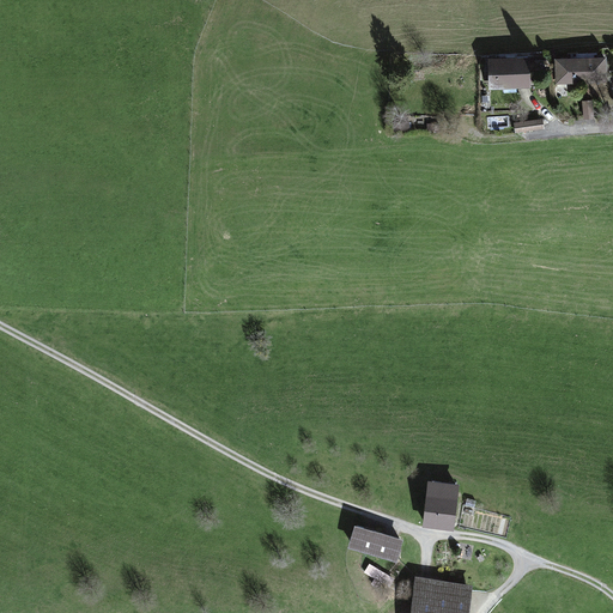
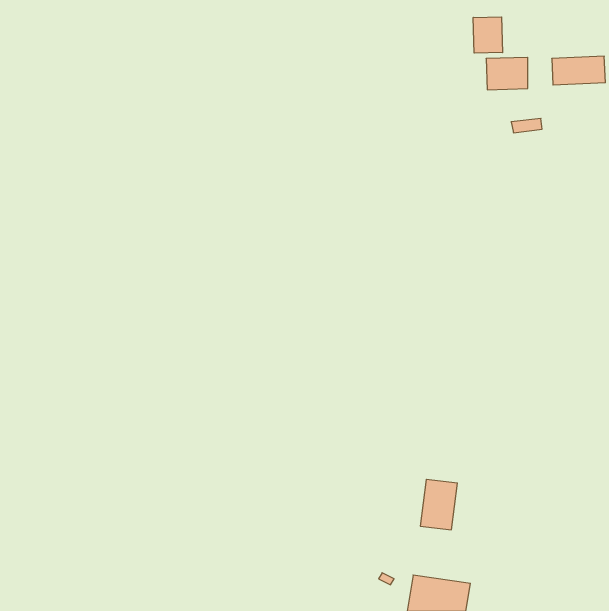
building: none -> [473,17,503,53]
building: [347,523,403,562] -> none

